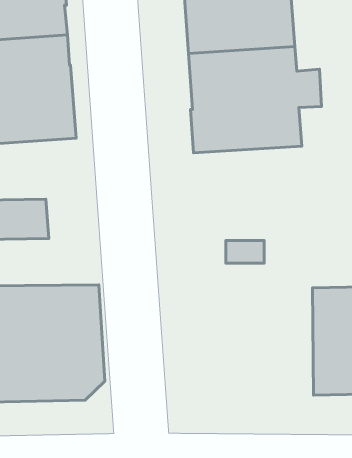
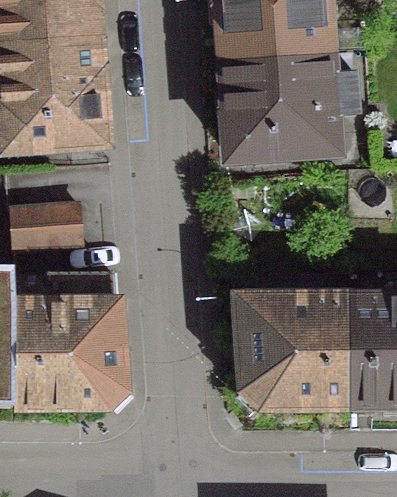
building: none -> [233,296,345,418]

